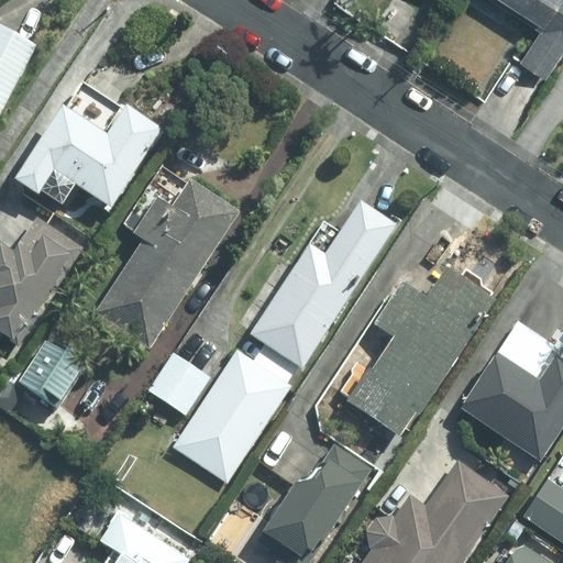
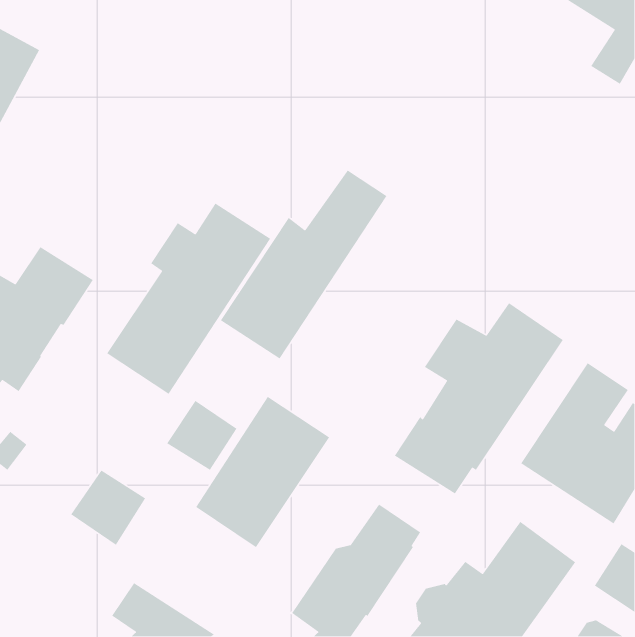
building: [14,103,163,207] -> none
building: [250,200,397,367] -> [220,170,387,359]
building: [18,341,85,408] -> [70,470,146,546]

